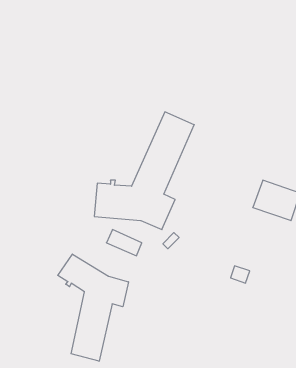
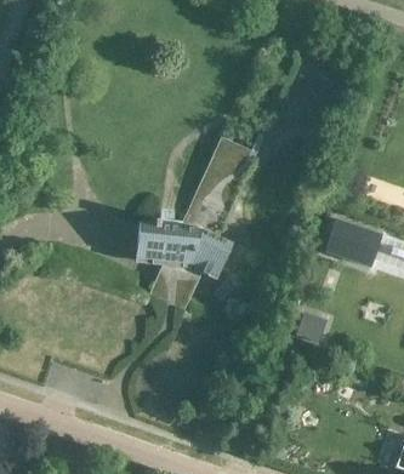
building: [58,254,128,361] -> none

